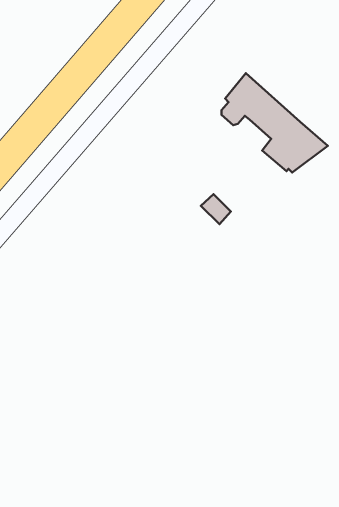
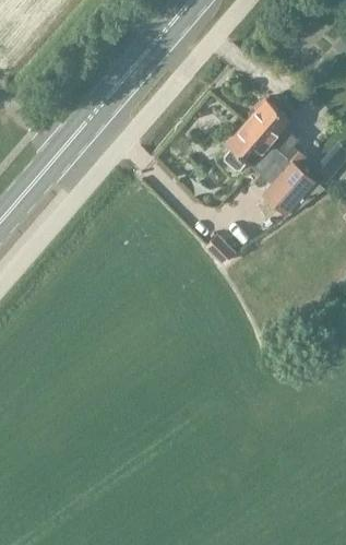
building: none -> [247,98,307,167]

